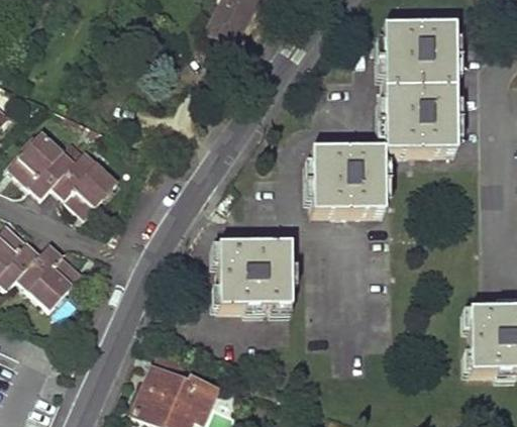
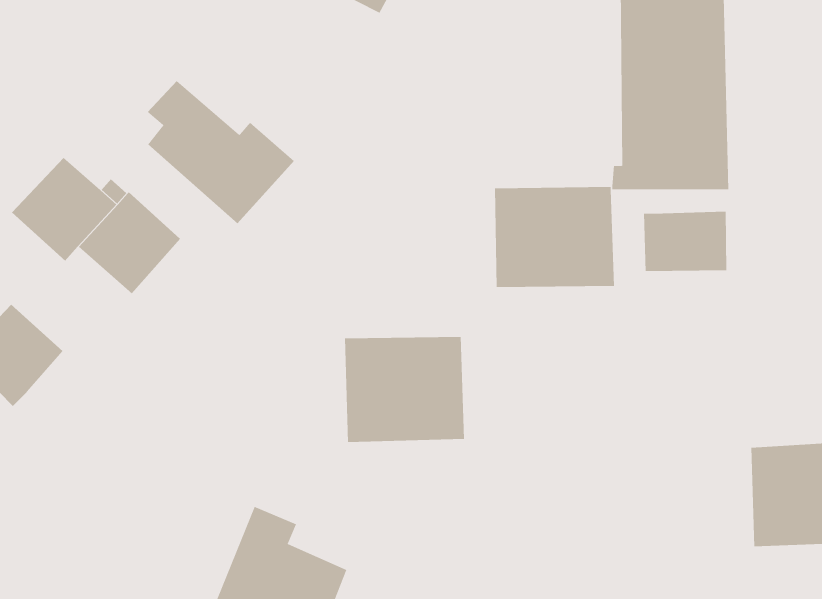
building: none -> [147,80,295,224]
building: none -> [643,211,727,272]
building: [20,243,81,305] -> none

